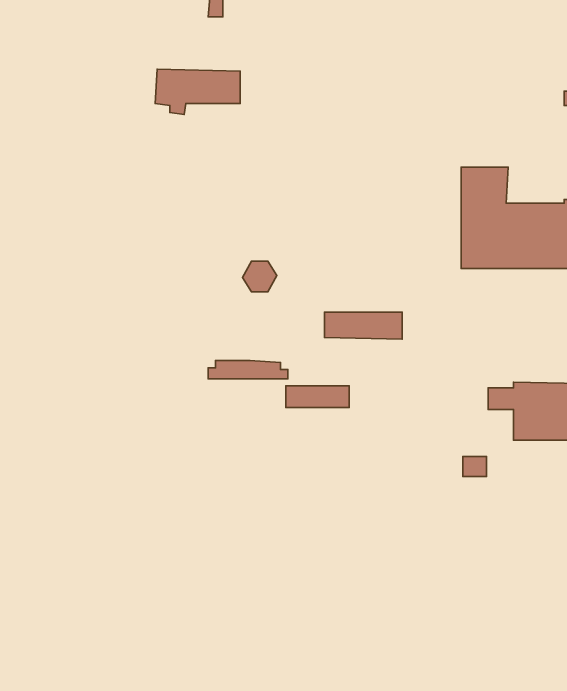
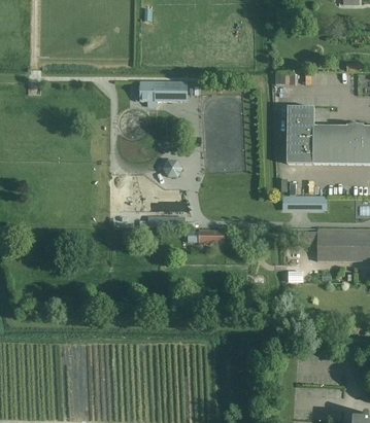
building: [155,69,240,114] -> [139,80,188,106]
building: [325,312,402,339] -> [282,195,327,210]

